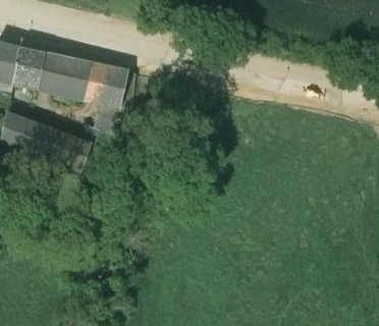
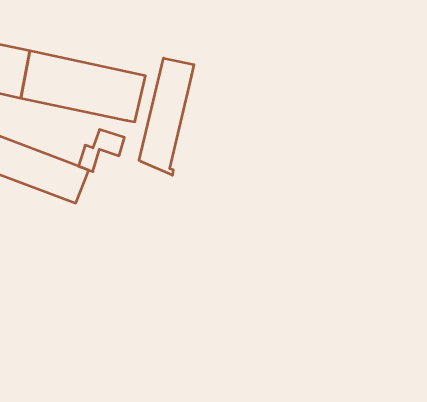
building: none -> [139,58,194,175]

